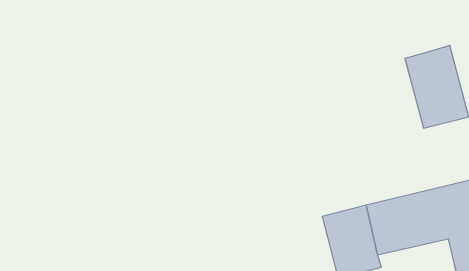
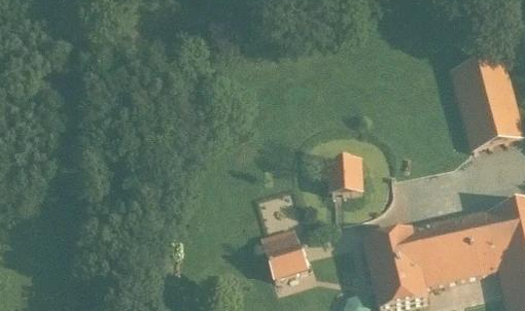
building: none -> [330,157,363,192]
building: none -> [260,221,308,280]

